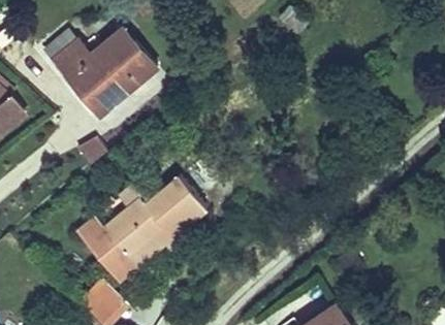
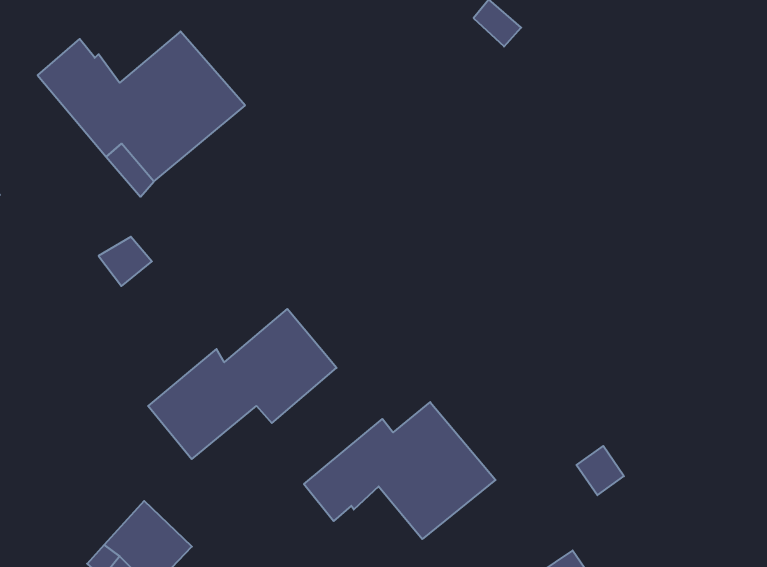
building: [77,218,170,281] -> none
building: none -> [304,402,496,539]

